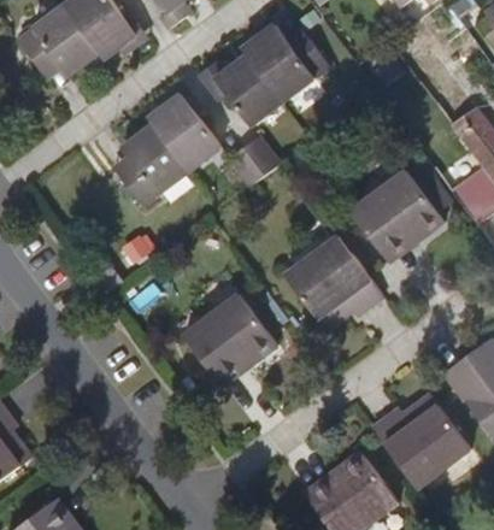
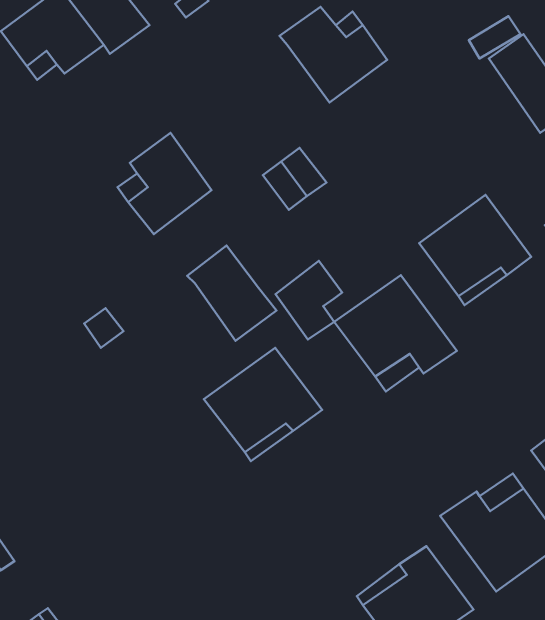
building: [199,52,282,122] -> none
building: [149,92,220,167] -> [187,245,277,341]
building: none -> [275,261,342,340]

